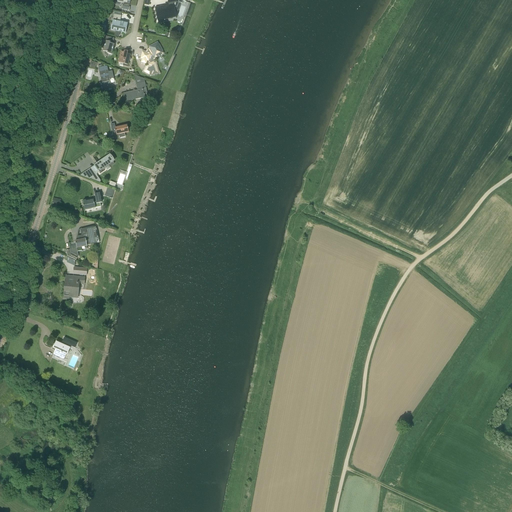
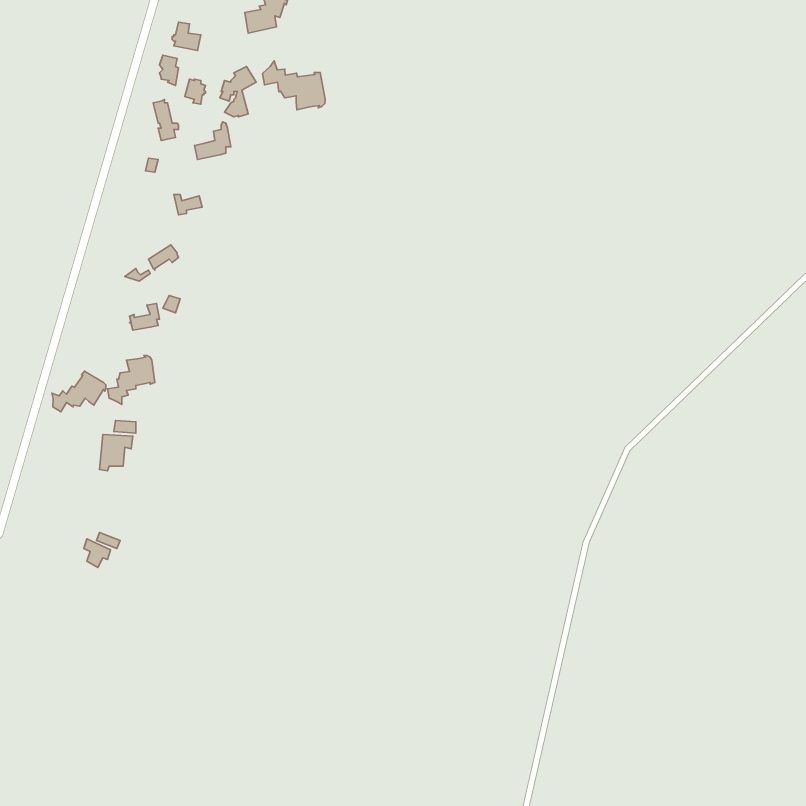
building: none -> [262,61,325,110]
building: none -> [52,371,106,412]

